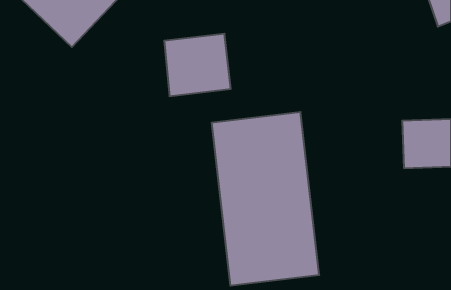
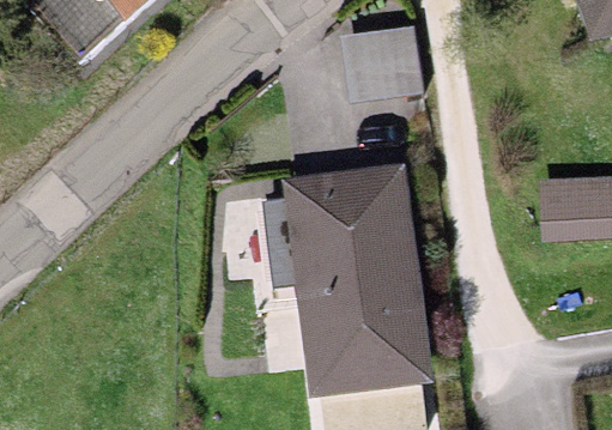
building: [164,34,231,96] -> [335,20,425,104]

